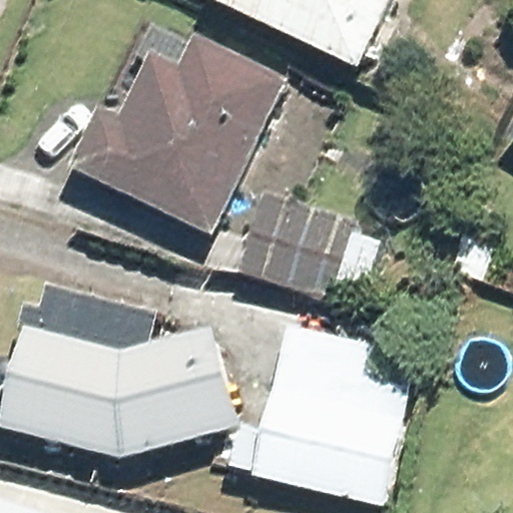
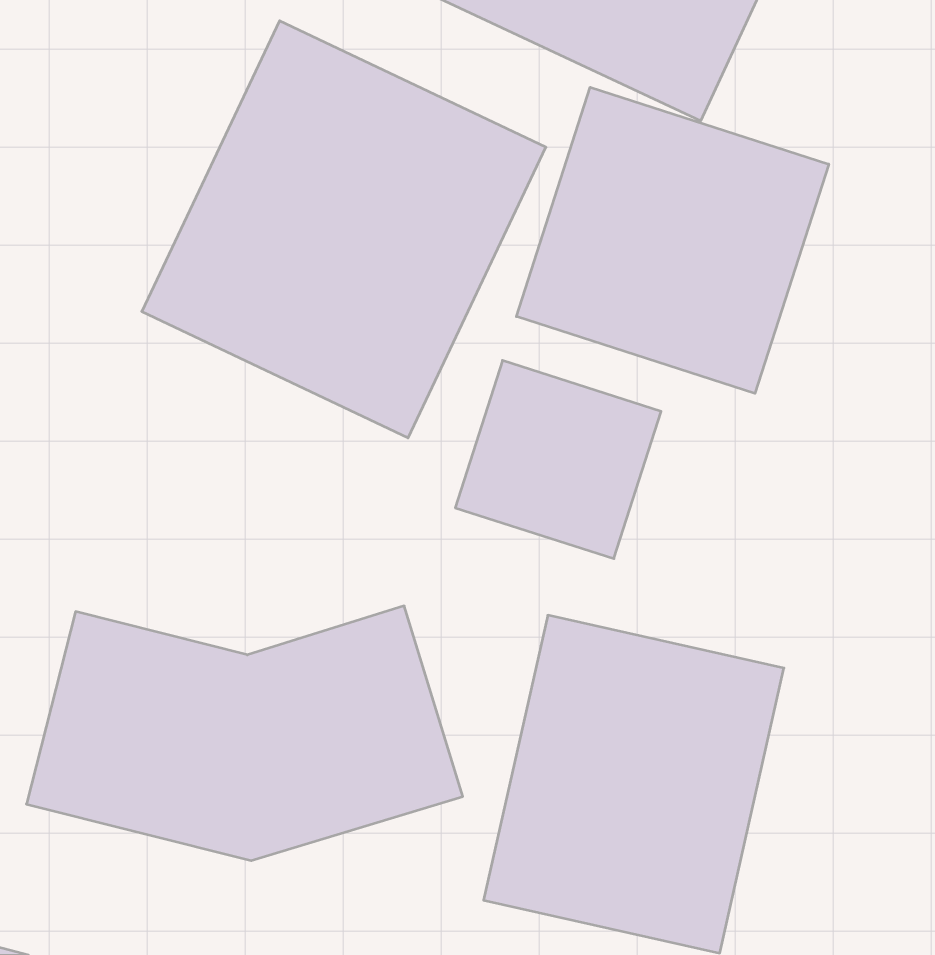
building: none -> [516,87,829,393]

